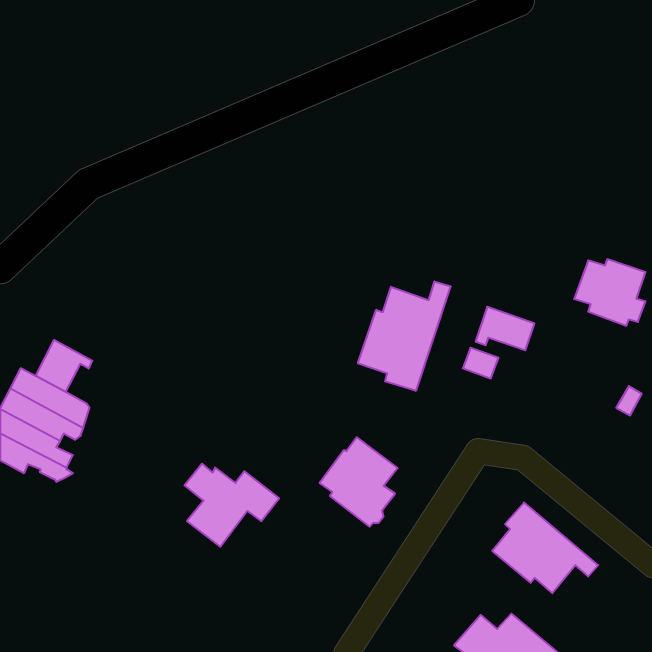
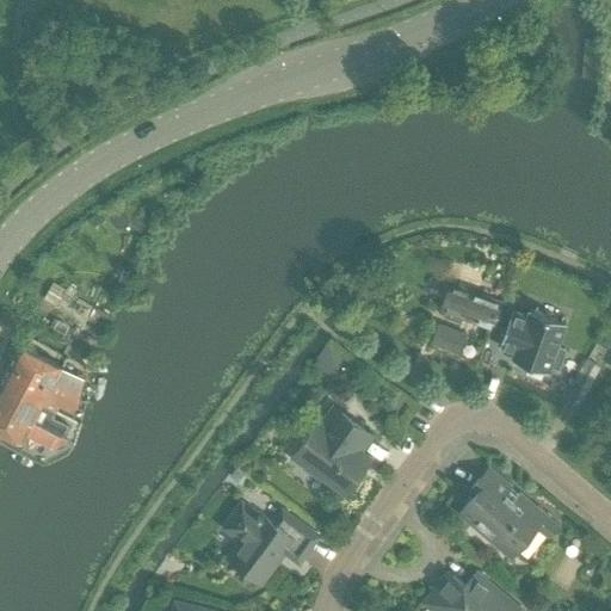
building: [574,259,646,326] -> [500,311,567,374]
building: [358,281,451,391] -> none
building: [36,340,92,392] -> none
building: [184,464,279,547] -> [228,507,316,585]

